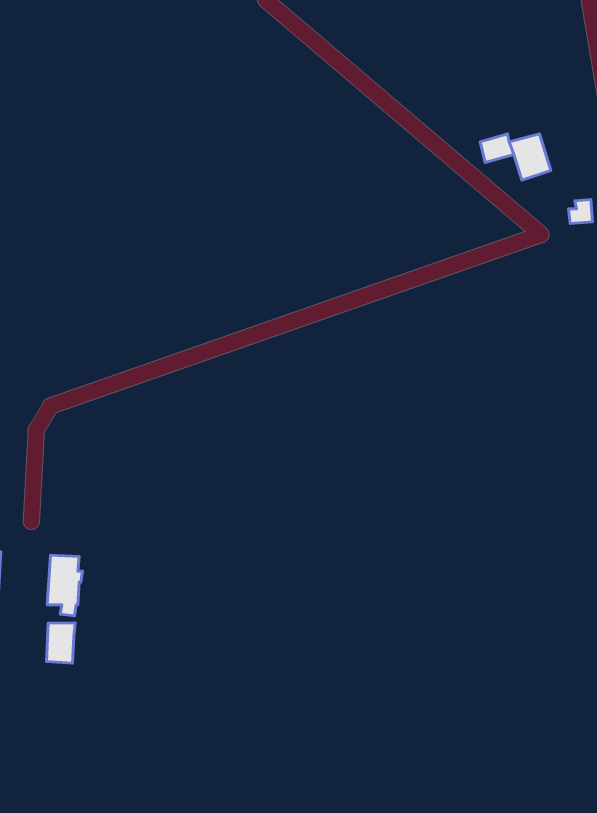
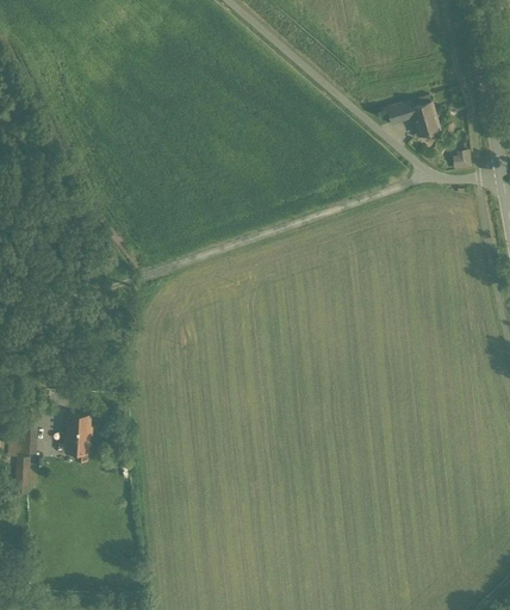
building: [46,623,75,663] -> none

